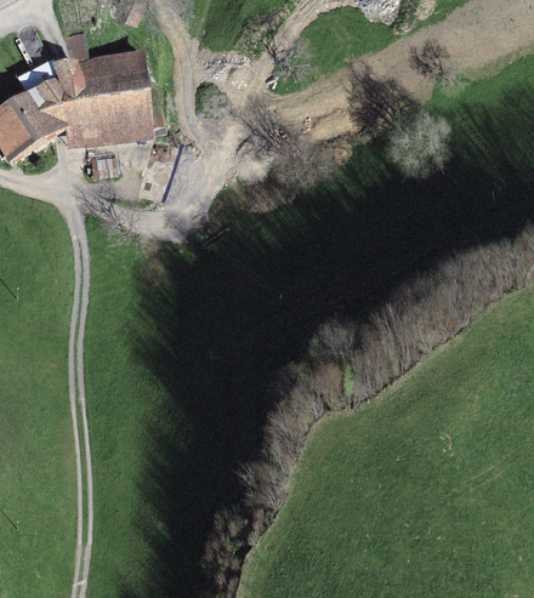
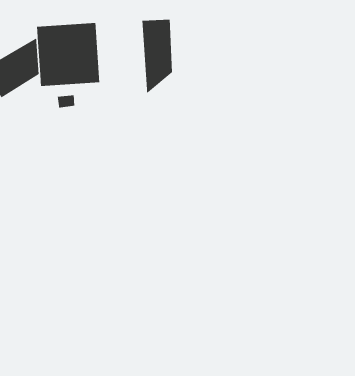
building: none -> [141,19,173,94]

